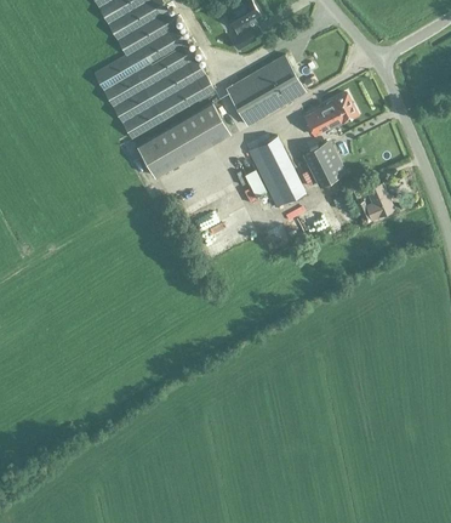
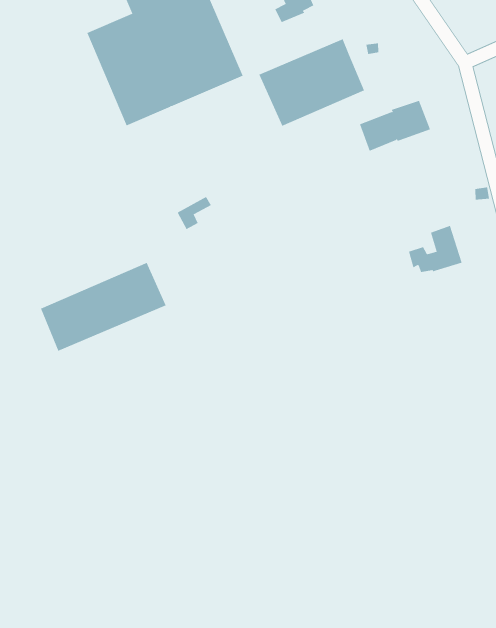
building: [137,103,230,177] -> [40,262,167,352]
building: [249,137,304,208] -> none
building: [302,143,346,188] -> none

